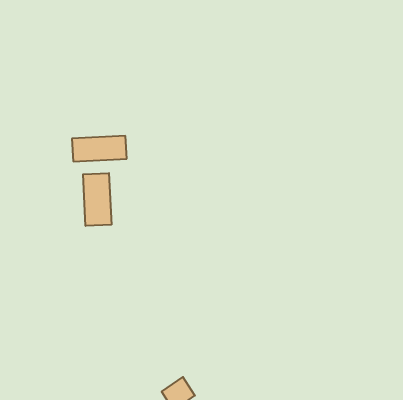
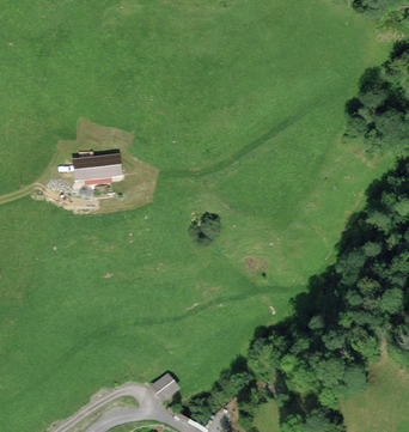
building: [83,173,111,226] -> none

